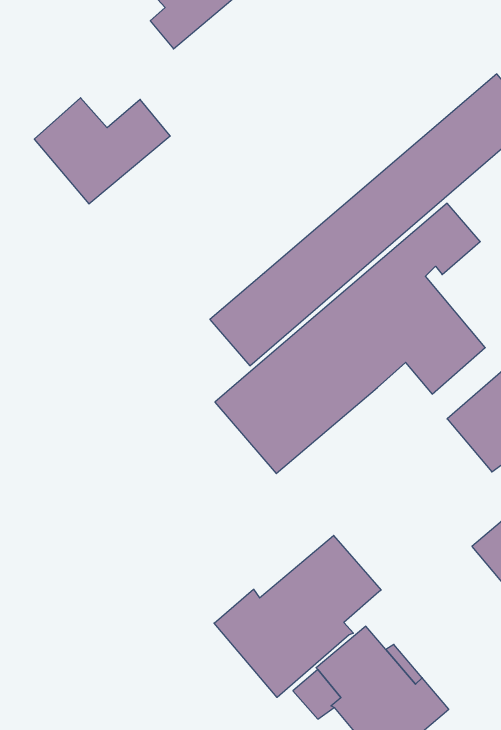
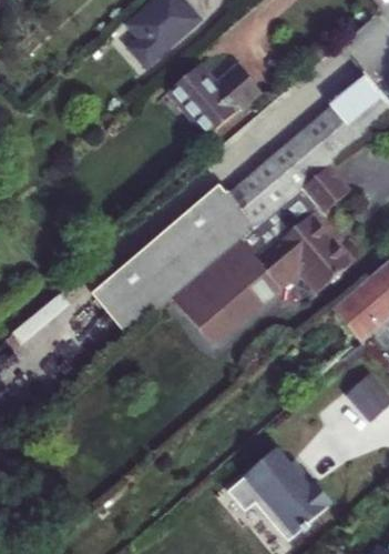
building: [34,98,170,204] -> [168,60,259,131]
building: none -> [103,242,197,331]
building: [214,535,381,697] -> none

